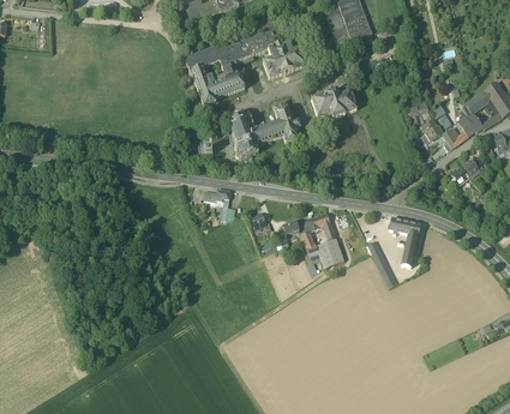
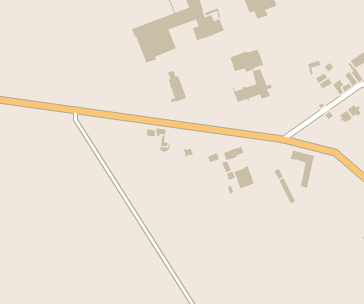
building: [247,100,300,144] -> [232,68,273,103]

